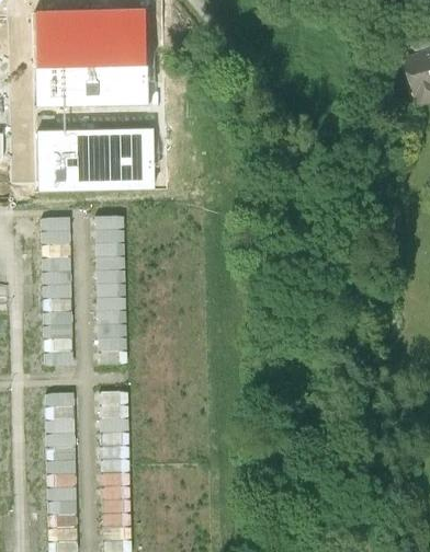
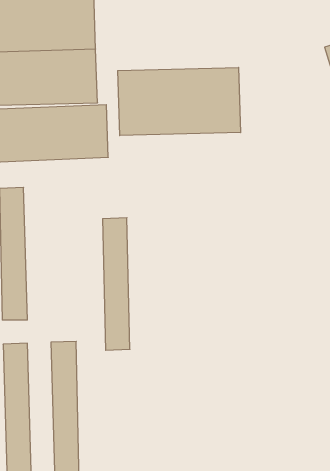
building: none -> [118,67,241,136]
building: [95,216,126,365] -> [103,218,130,350]

